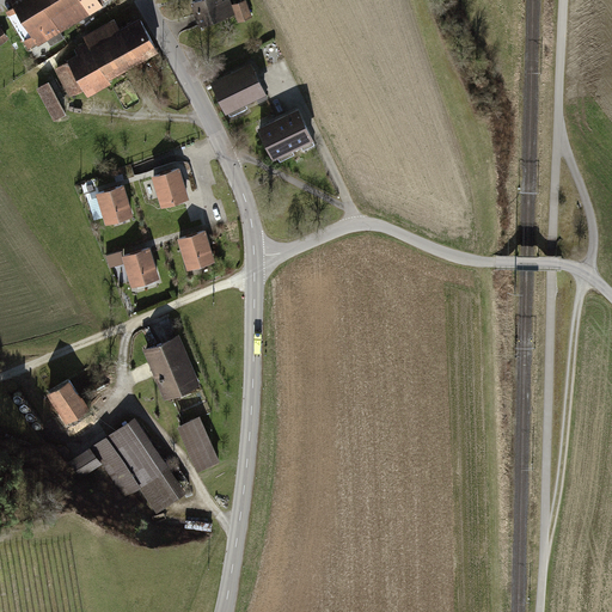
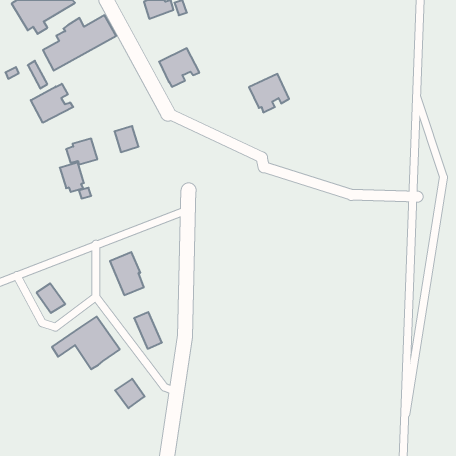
building: [259,111,313,163] -> [249,74,289,112]
building: none -> [31,84,73,123]
building: [179,232,212,267] -> none
building: [123,249,155,288] -> [60,162,84,192]
building: [137,469,177,508] -> [115,379,145,408]

